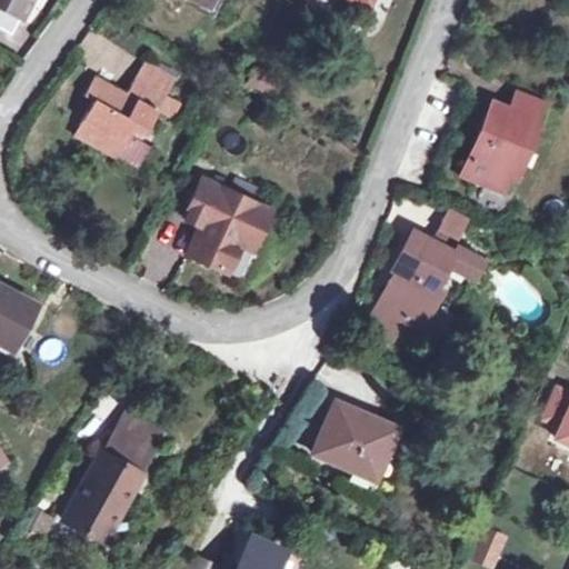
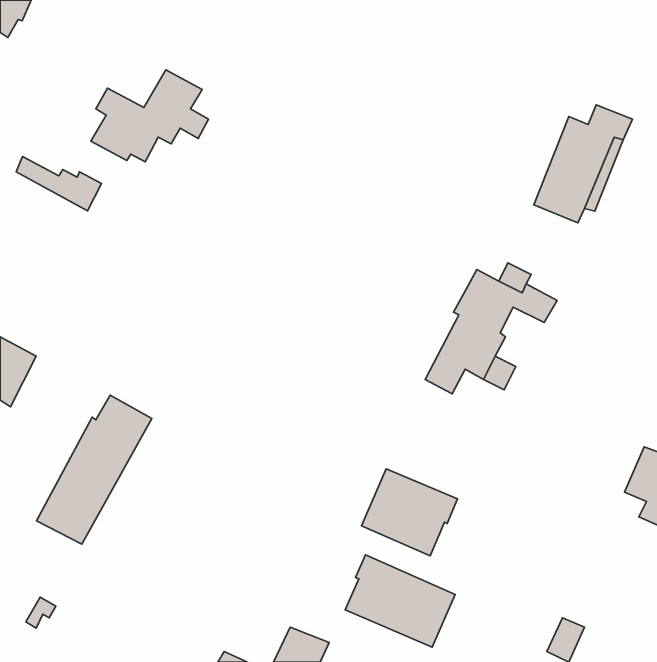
building: [77,121,150,168] -> [16,156,102,211]
building: [184,179,271,271] -> none
building: [67,412,166,540] -> [36,395,152,544]
building: none -> [345,555,455,647]

